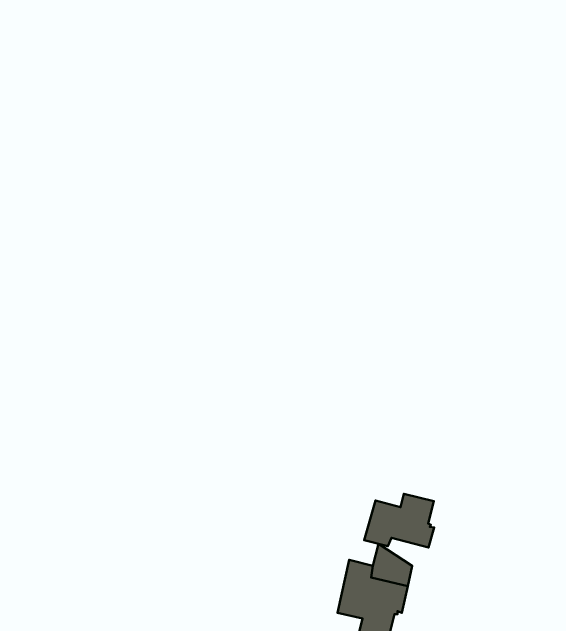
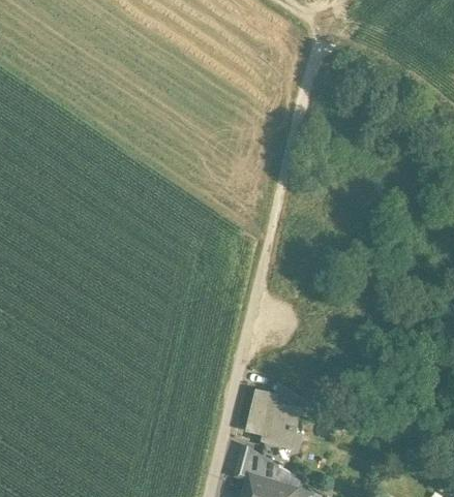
building: [364,494,434,547] -> none

